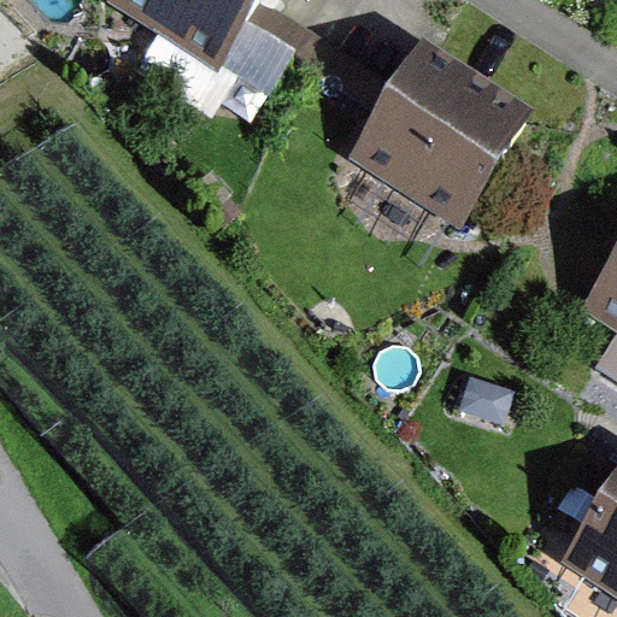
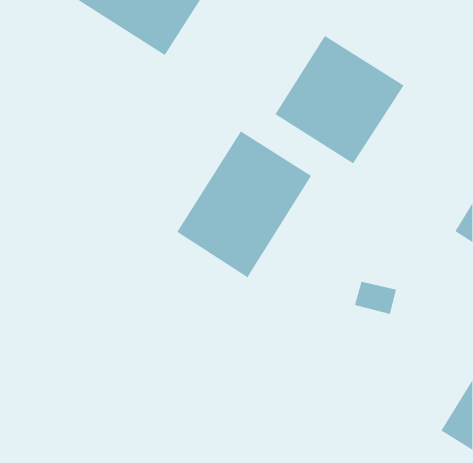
building: none -> [176,130,312,278]

